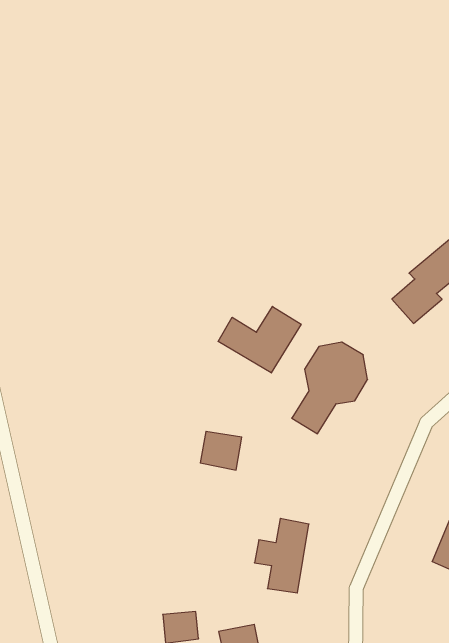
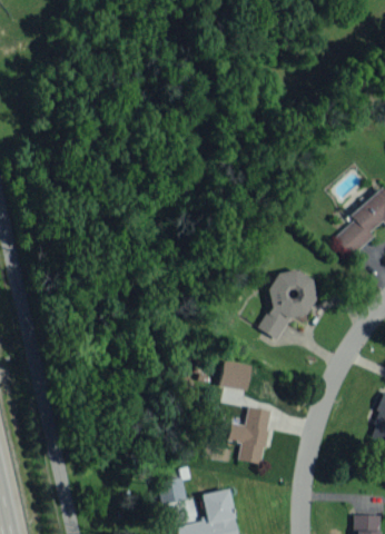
building: [218,306,301,373] -> none
building: [200,431,242,470] -> [220,360,253,390]

